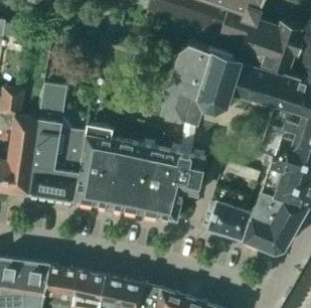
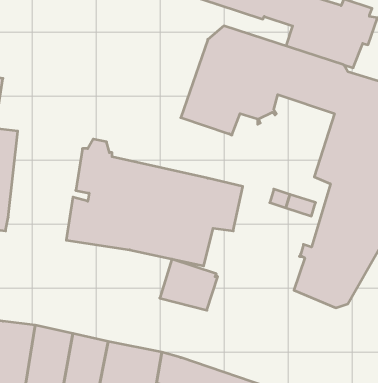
building: [29,84,87,200] -> none
building: [207,199,251,238] -> [160,259,218,310]

